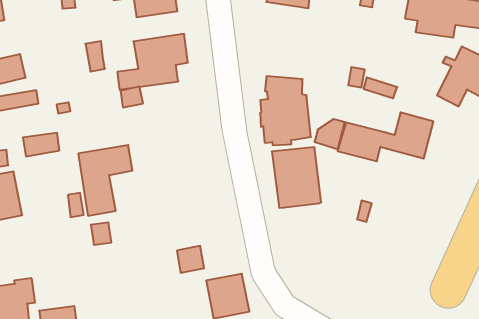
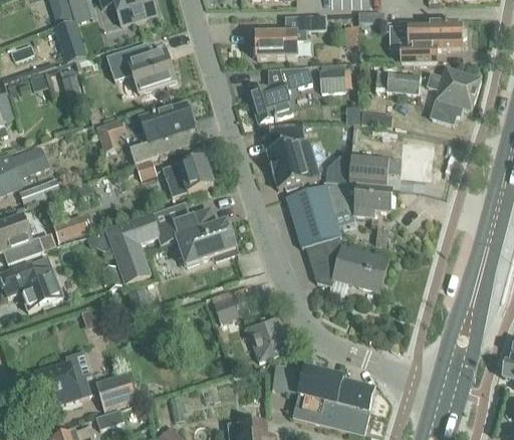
building: none -> [250,67,312,121]
building: none -> [320,68,345,90]
building: none -> [375,71,420,91]
building: none -> [163,157,214,196]
building: none -> [152,201,237,264]
building: none -> [325,184,393,216]
building: none -> [306,235,389,292]

